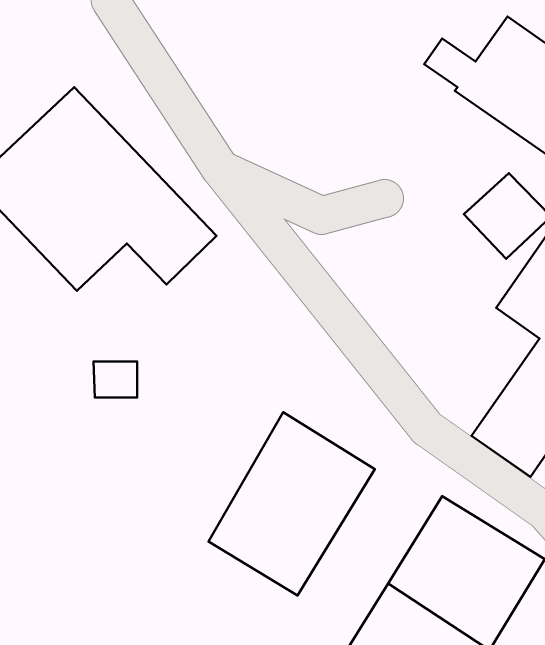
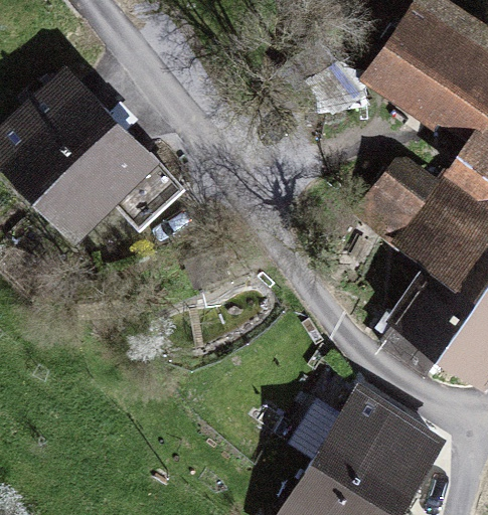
building: [209,412,375,595] -> none

